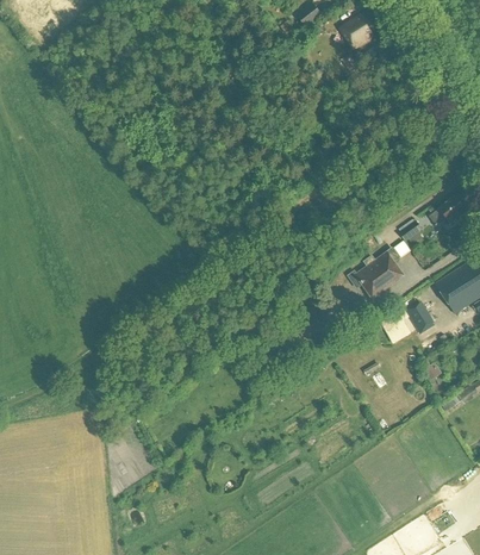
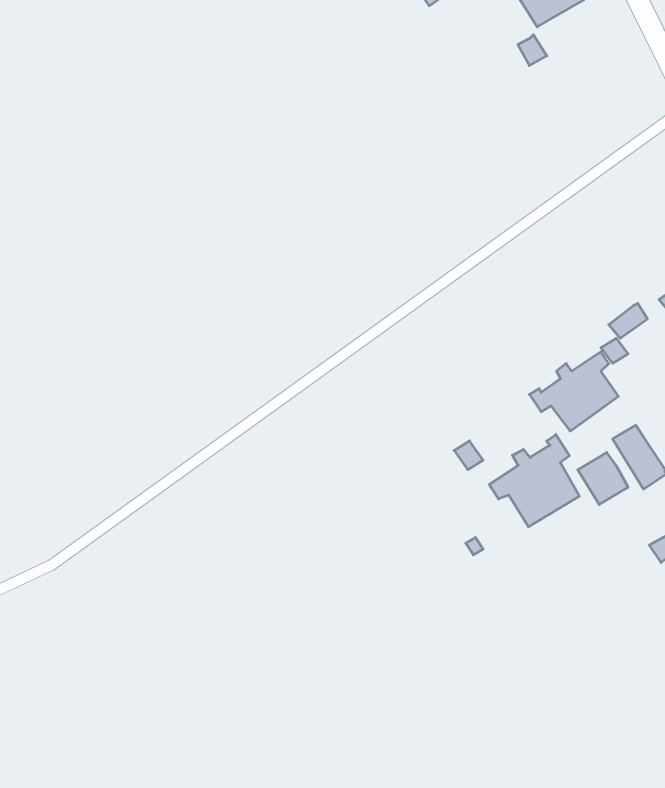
building: none -> [489,434,579,527]

